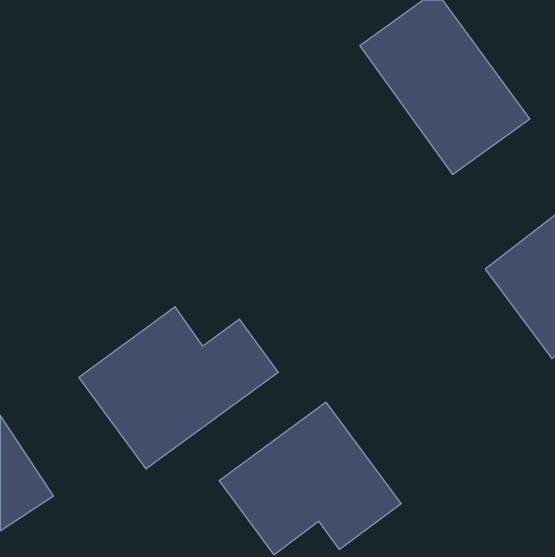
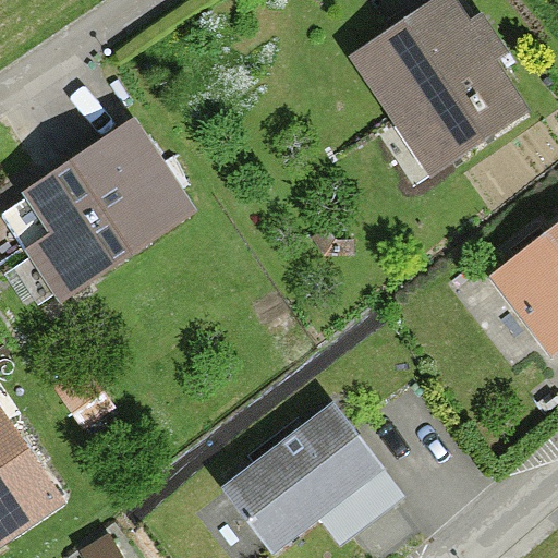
building: none -> [19,112,197,305]
building: [79,307,278,469] -> none

